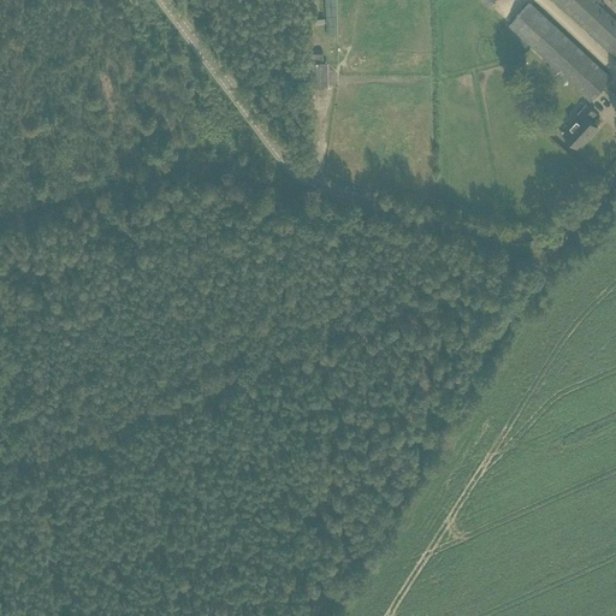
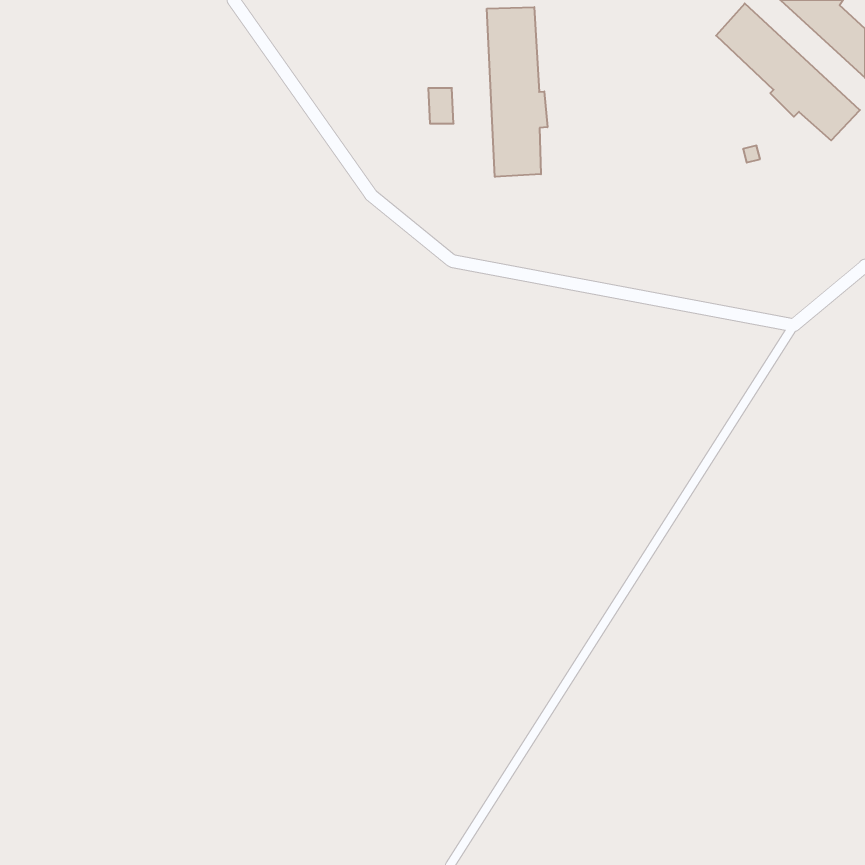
building: none -> [487,7,547,177]
building: [563,105,597,148] -> none

